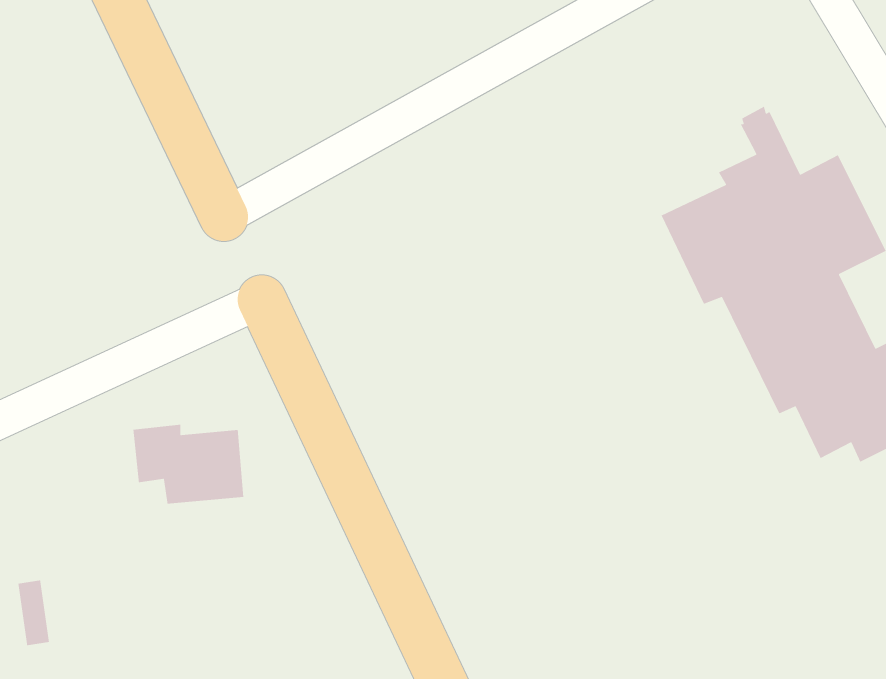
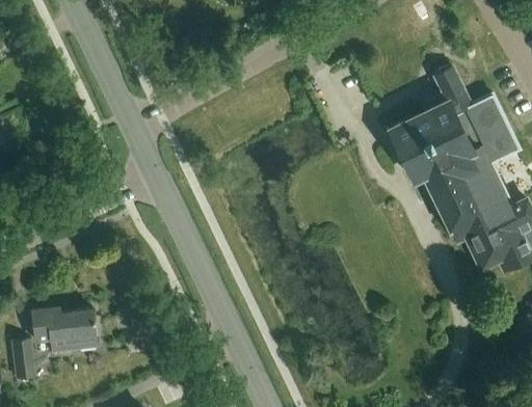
building: [133,424,244,505] -> [31,307,96,354]

